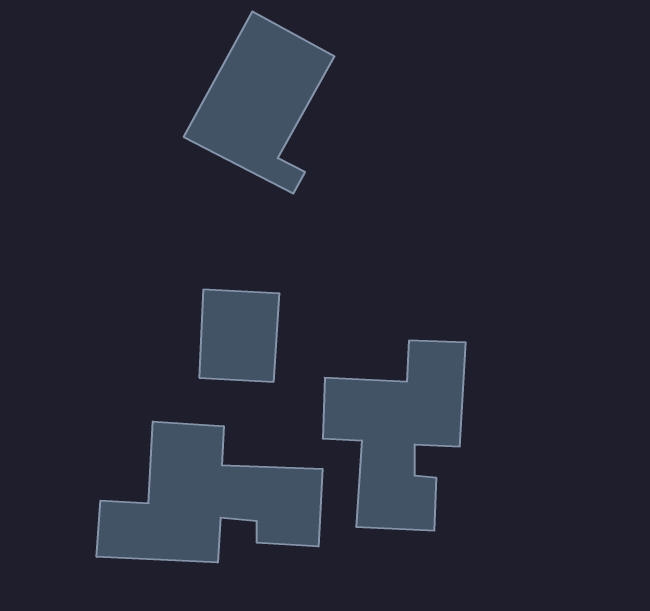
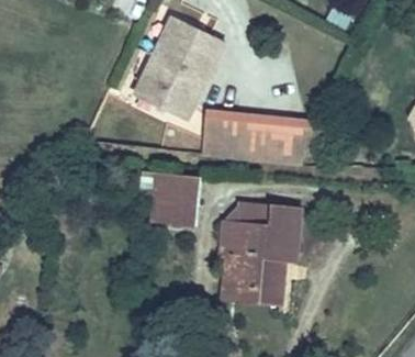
building: none -> [212,112,334,160]
building: [97,421,322,563] -> none

